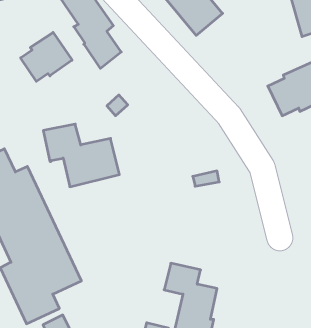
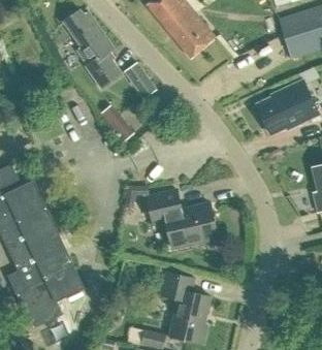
building: [21,32,72,81] -> none
building: none -> [124,61,157,98]
building: [43,124,119,187] -> [147,190,218,249]

